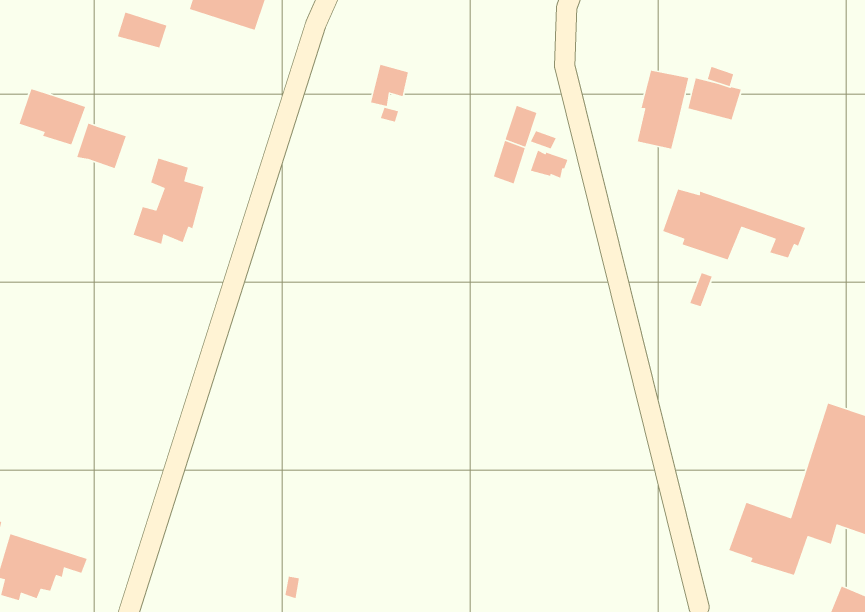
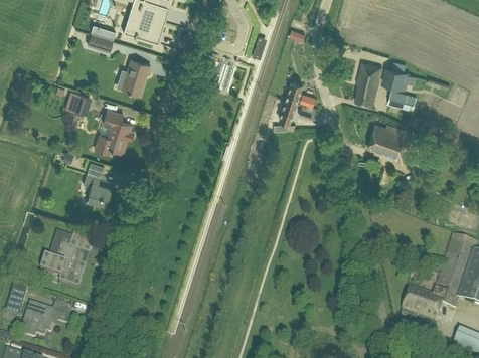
building: none -> [121,58,150,95]
building: [19,88,86,146] -> none
building: none -> [386,90,415,110]
building: none -> [84,172,112,206]
building: none -> [41,231,95,287]

